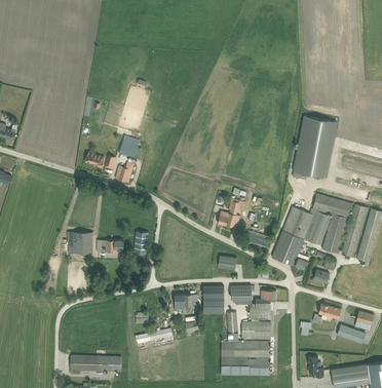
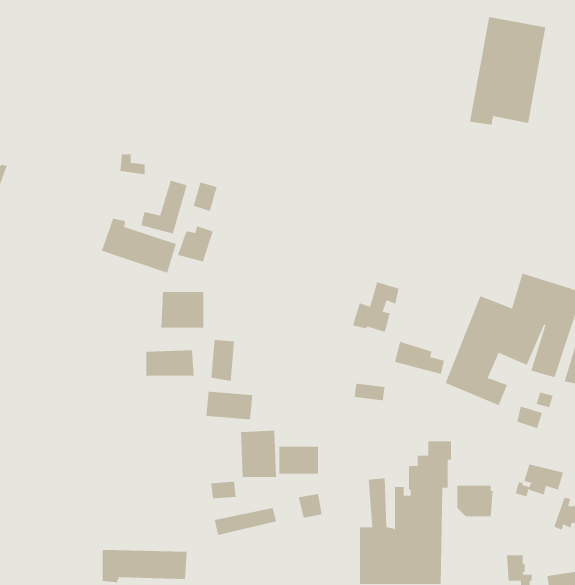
building: [292,116,337,180] -> [469,17,546,125]
building: none -> [101,218,177,273]
building: [67,232,92,254] -> [161,292,204,328]
building: none -> [206,391,253,420]
building: [202,285,224,313] -> [240,430,277,477]
building: [230,285,252,304] -> [457,485,493,517]

